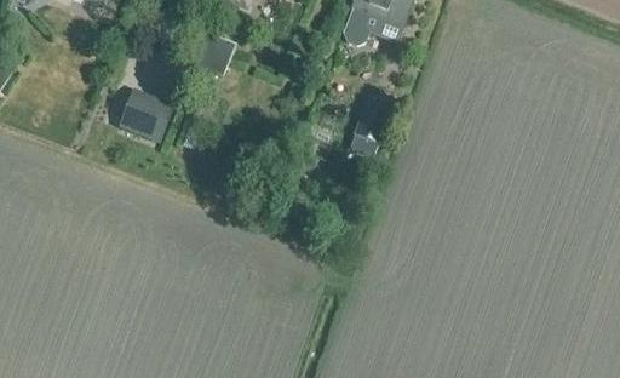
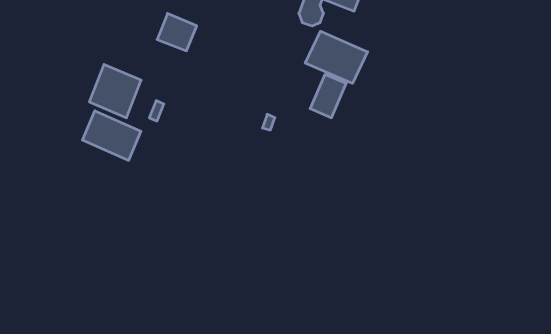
building: none -> [305,31,368,83]
building: none -> [82,111,141,160]

